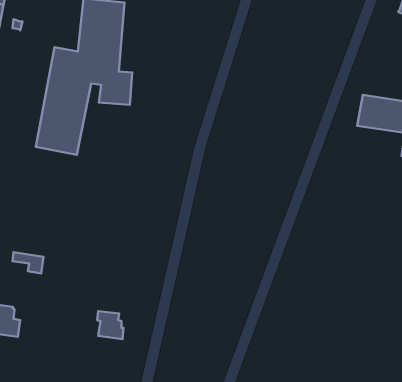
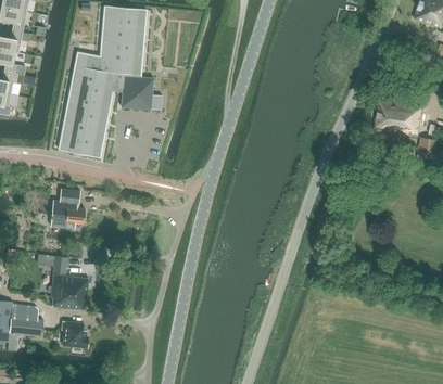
building: none -> [50,188,85,228]
building: none -> [51,274,88,309]
building: [97,311,124,339] -> [62,320,88,347]

